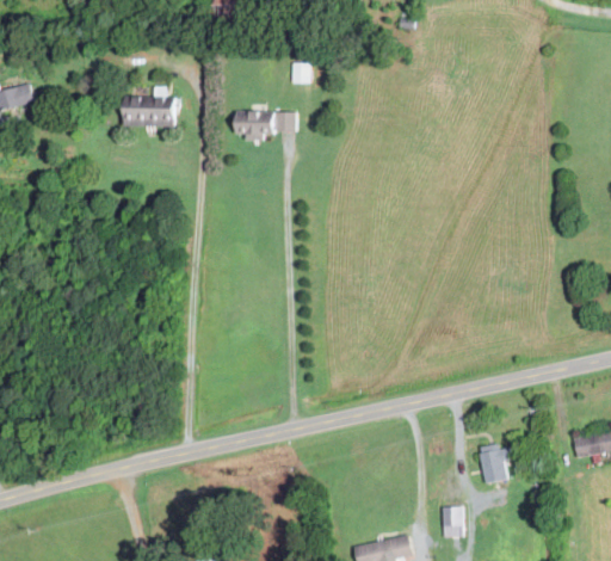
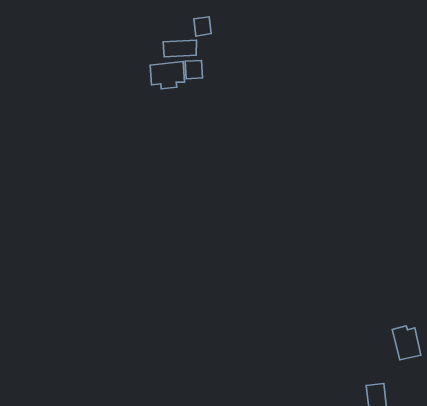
building: none -> [163,40,197,57]
building: [125,87,177,127] -> none

